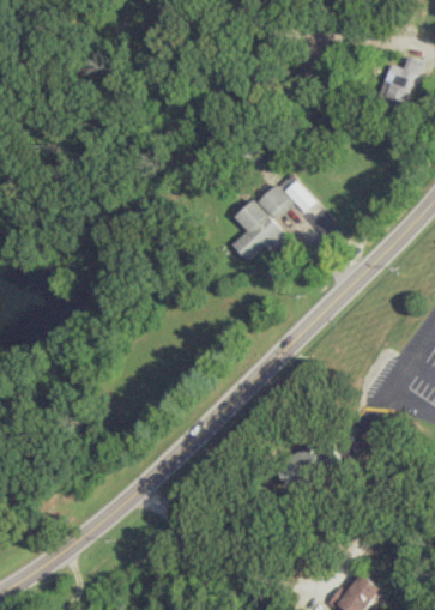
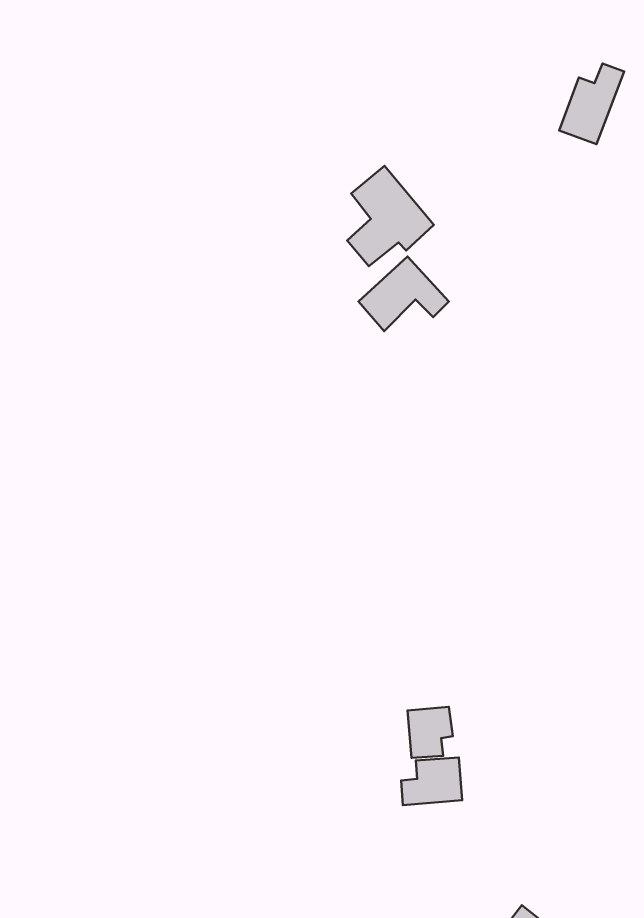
building: [234,200,286,261] -> [347,166,434,266]
building: none -> [401,757,462,805]

